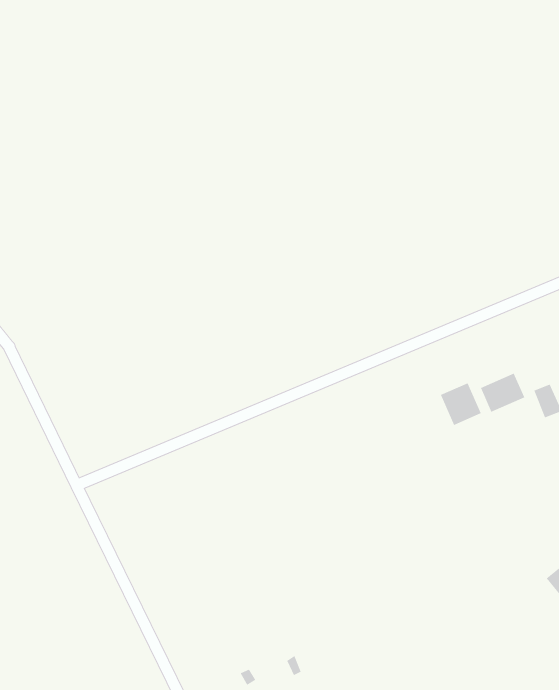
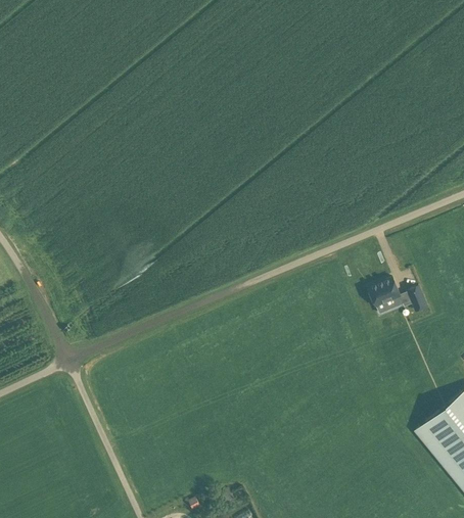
building: [440,382,481,426] -> none

